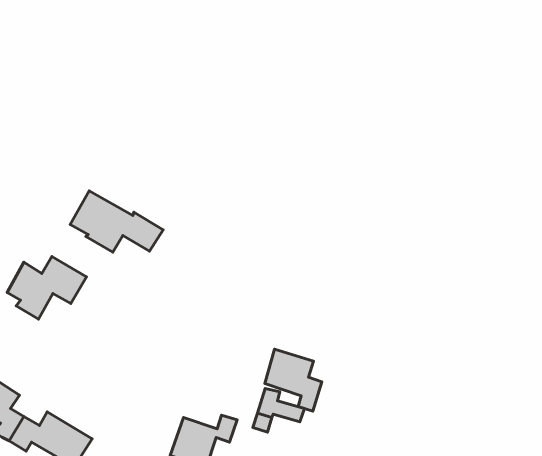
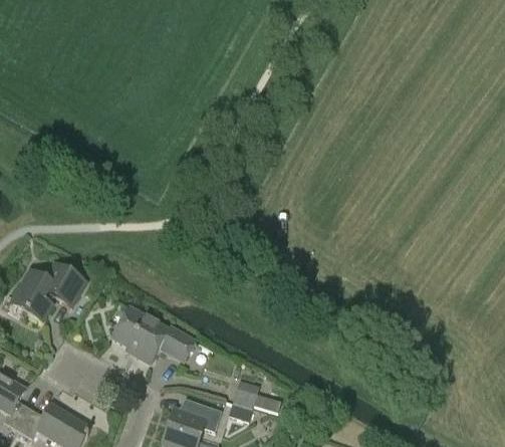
building: [70,191,163,252] -> [111,306,195,362]
building: [265,349,322,411] -> none

